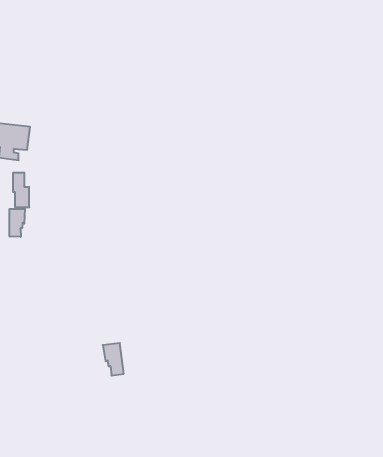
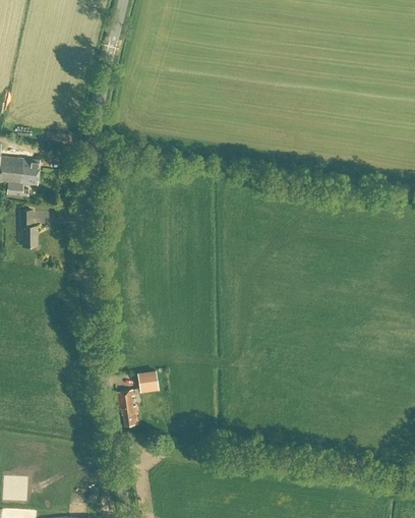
building: [10,209,25,237] -> none
building: none -> [137,367,159,391]

